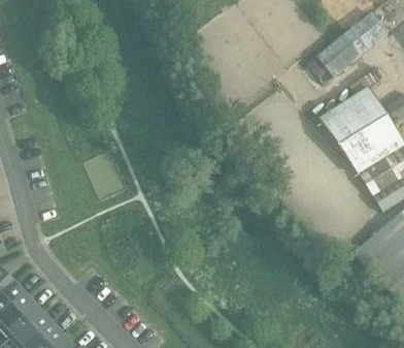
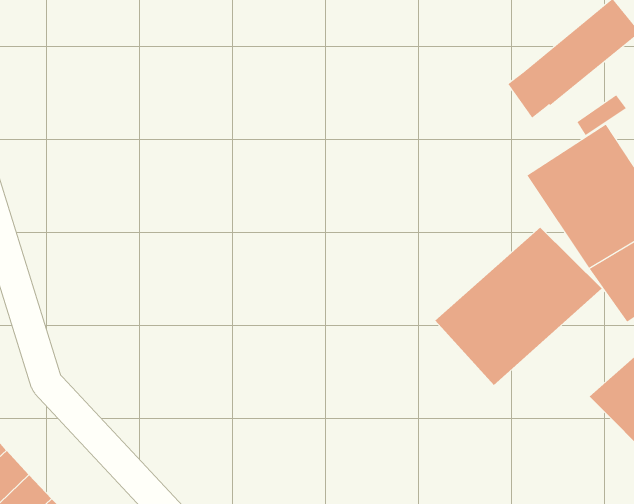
building: none -> [434,227,603,386]

